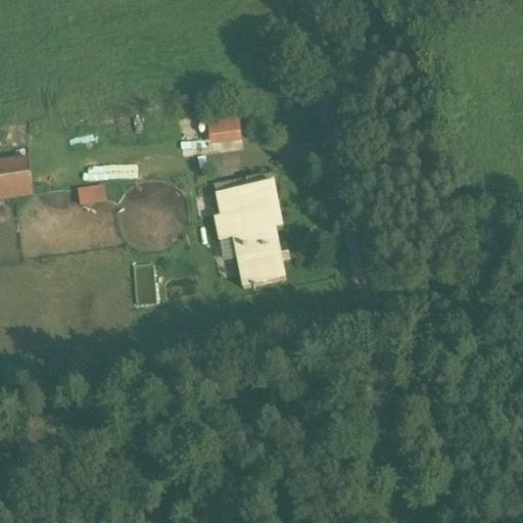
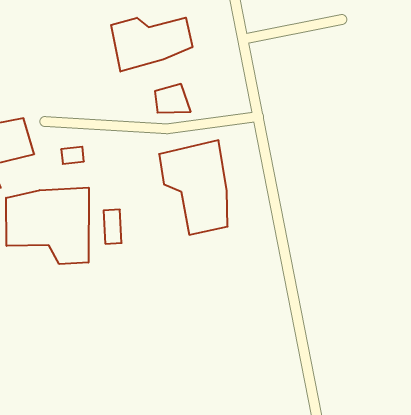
building: none -> [111,18,192,72]
building: none -> [6,188,89,264]

